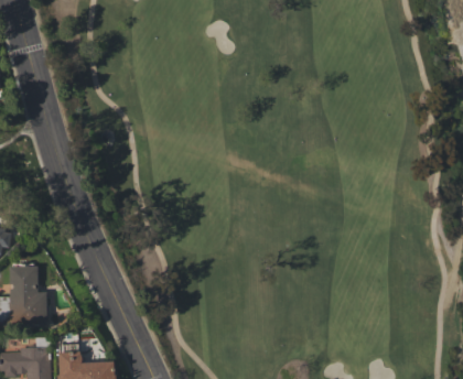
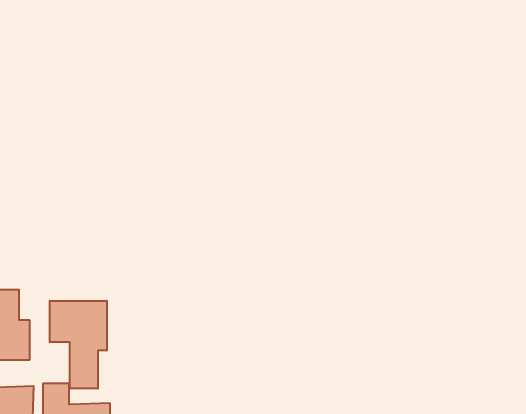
building: none -> [50,301,107,389]

